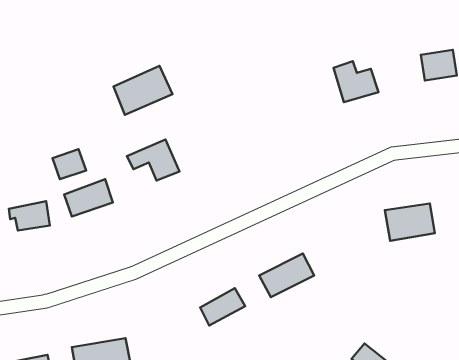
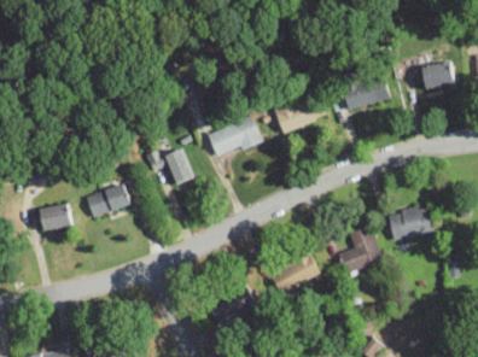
building: [113,66,172,115] -> [208,116,263,162]
building: none -> [273,93,326,134]
building: [52,149,86,179] -> none
building: none -> [337,226,381,274]

